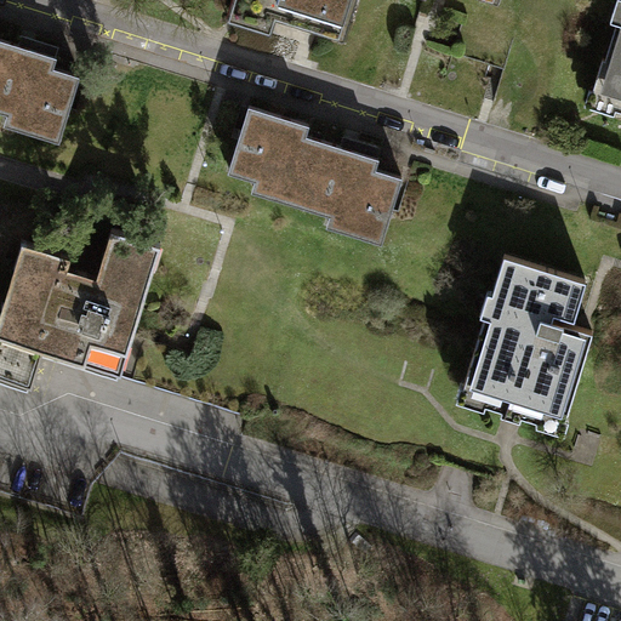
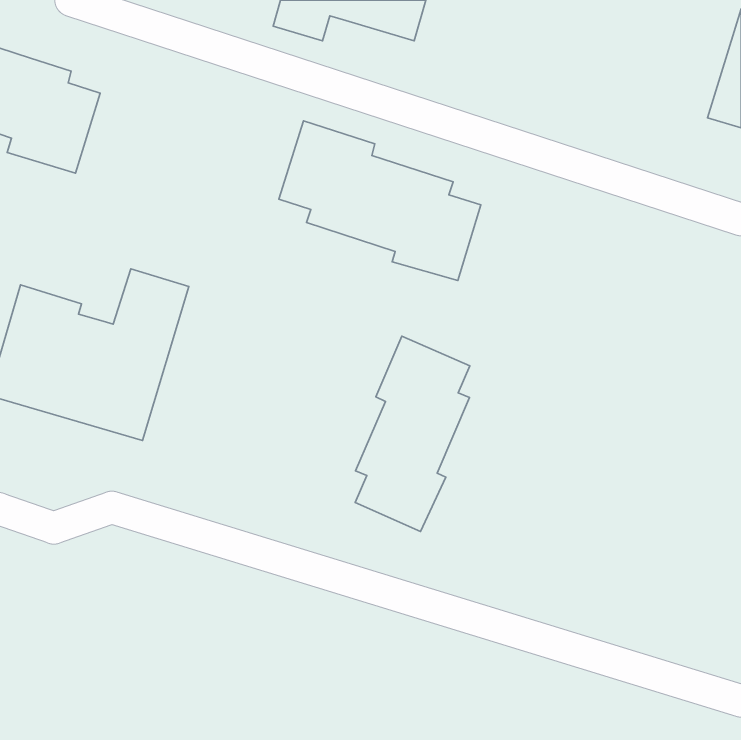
building: [452,264,589,443] -> none
building: none -> [355,336,470,531]

